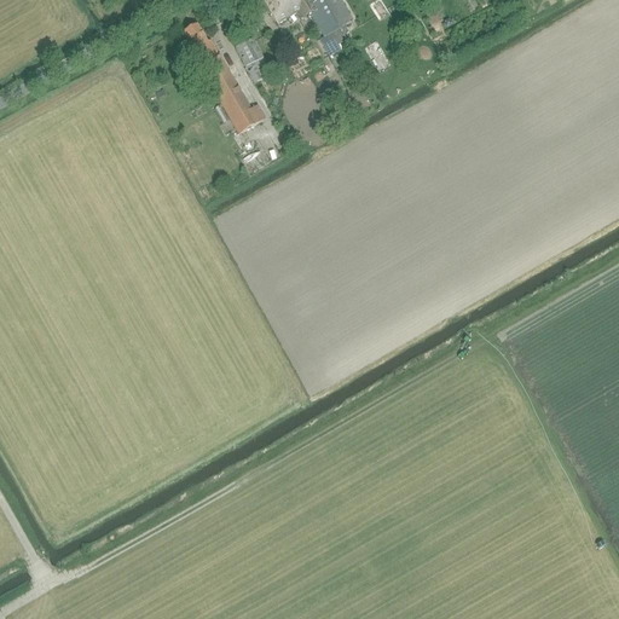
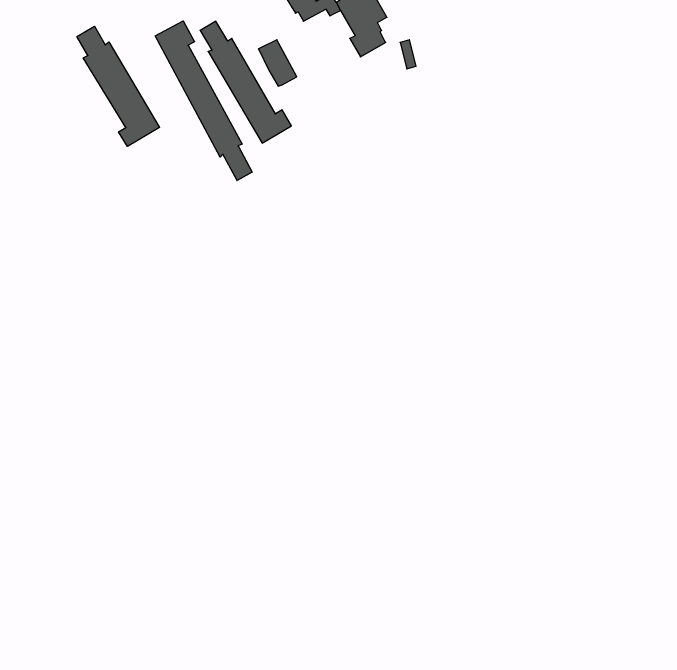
building: none -> [155,21,252,181]
building: none -> [77,26,160,146]

